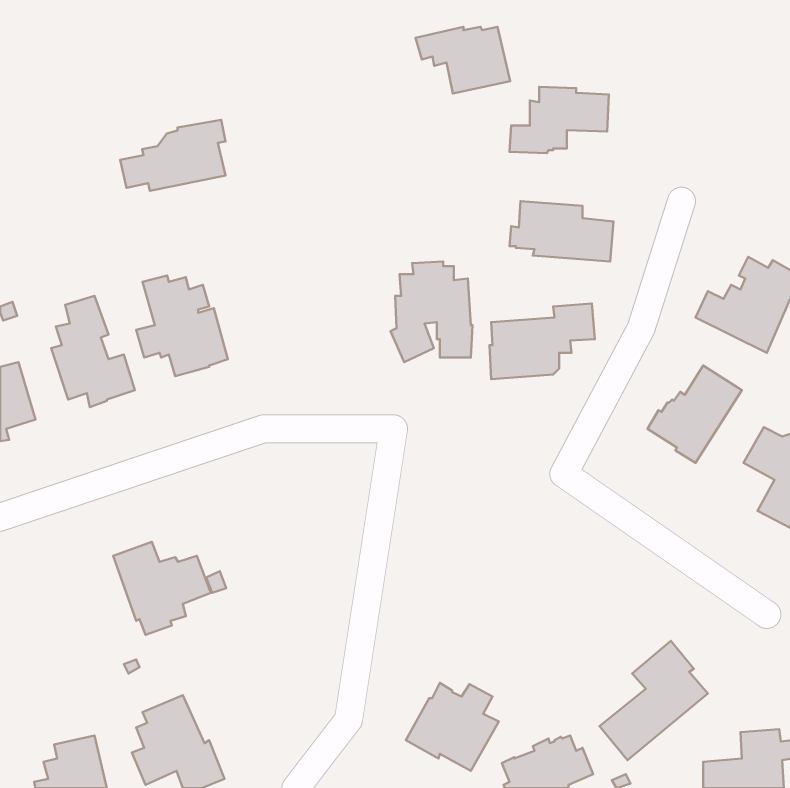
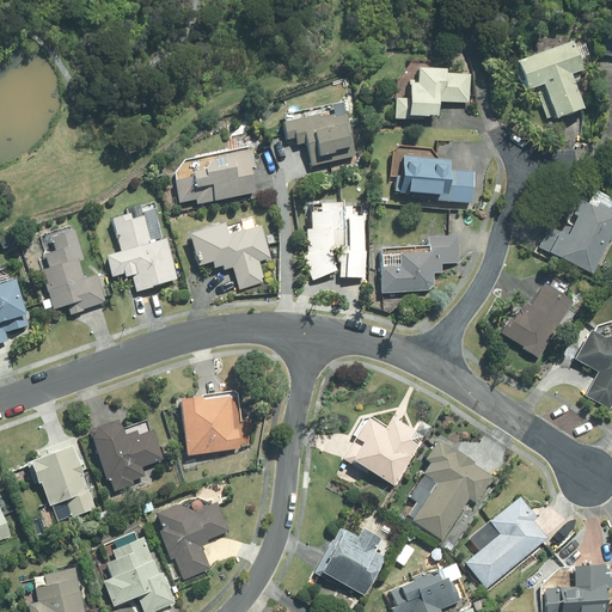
building: [416,27,510,94] -> [282,114,355,165]
building: none -> [515,39,583,117]
building: [120,120,226,191] -> [175,148,256,203]
building: none -> [189,222,271,288]
building: none -> [179,396,240,455]
building: none -> [343,416,423,485]
building: none -> [26,436,96,516]
building: none -> [412,440,494,539]
building: none -> [155,501,230,579]

